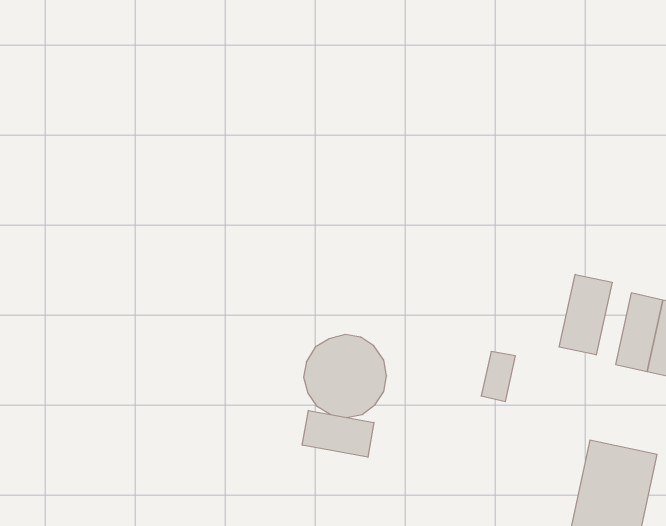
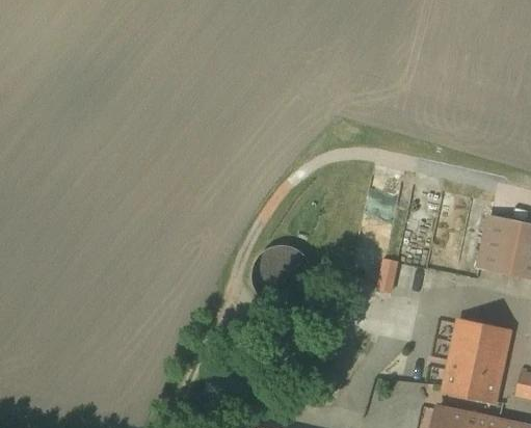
building: [559,274,612,355] -> none
building: [302,410,374,457] -> none

